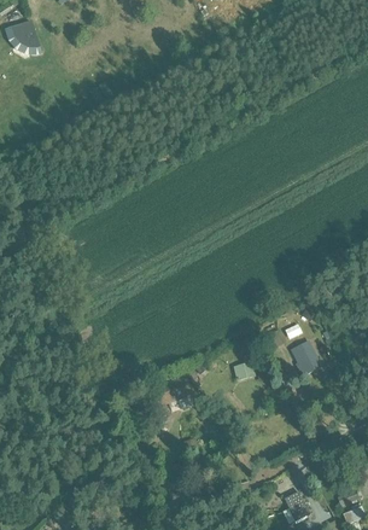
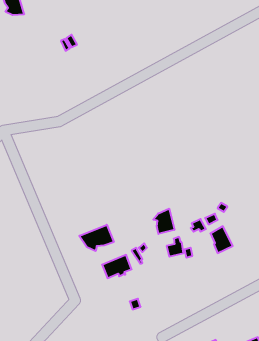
building: none -> [153,209,174,234]
building: none -> [79,225,114,251]

